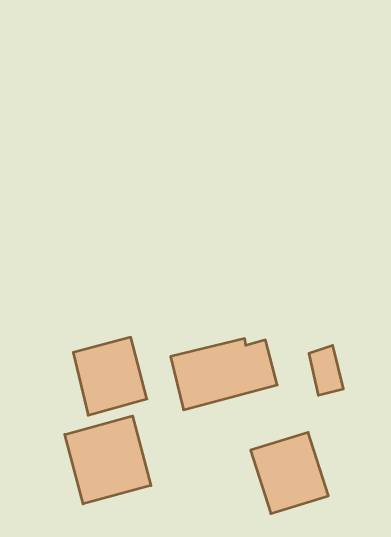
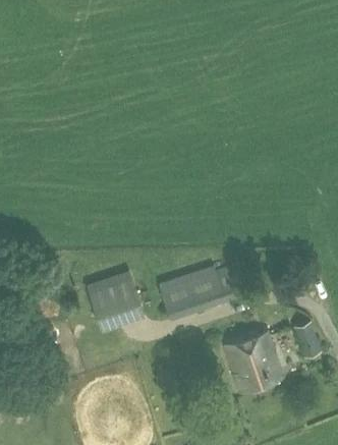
building: [309,345,343,395] -> [292,319,320,356]
building: [65,416,151,504] -> none

